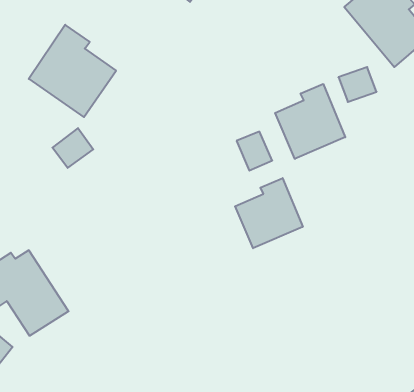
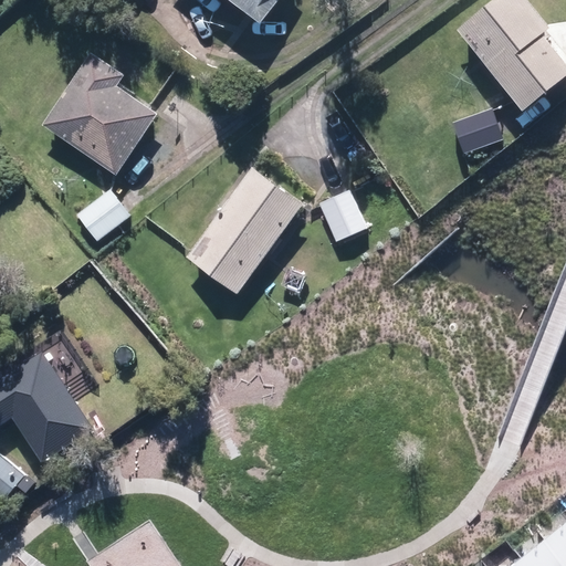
building: [275,84,345,159] -> none
building: none -> [188,168,302,292]
building: [235,178,303,248] -> none

